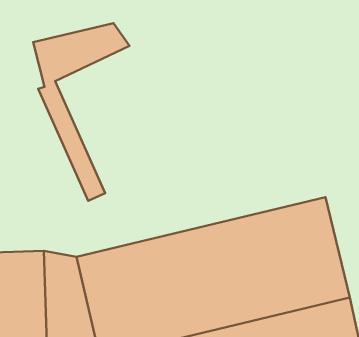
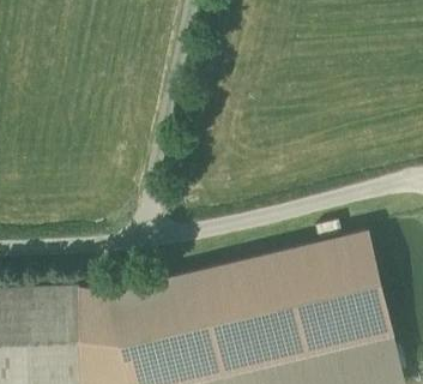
building: [33,23,130,201] -> none

